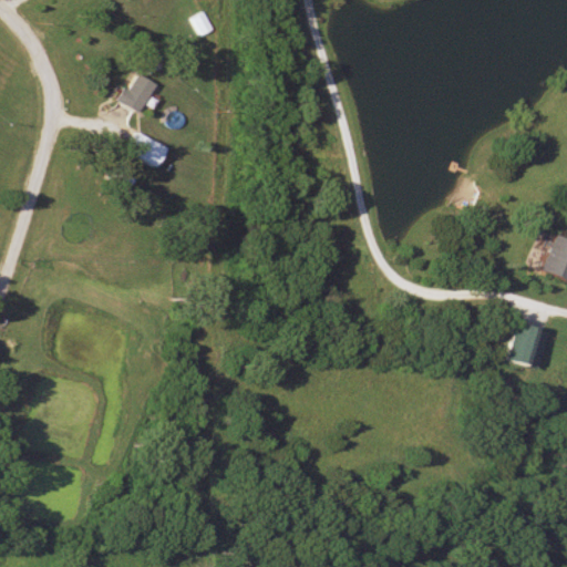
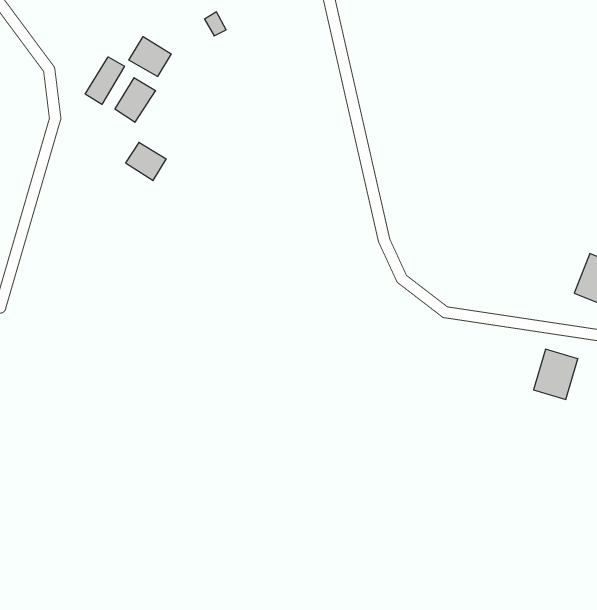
building: none -> [129,37,171,76]
building: none -> [85,57,124,104]

